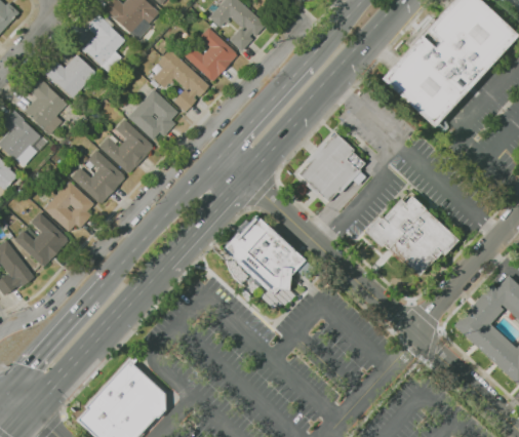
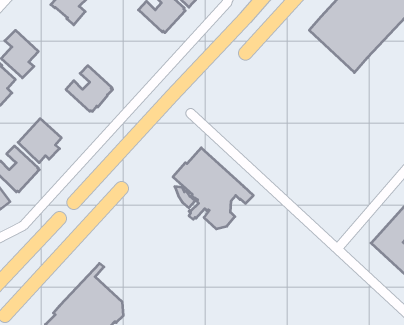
building: [154,49,210,112] -> none
building: [45,54,96,97] -> none
building: [128,88,178,140] -> none
building: [298,132,366,201] -> none
building: [72,149,126,203] -> none
building: [364,196,458,276] -> none

